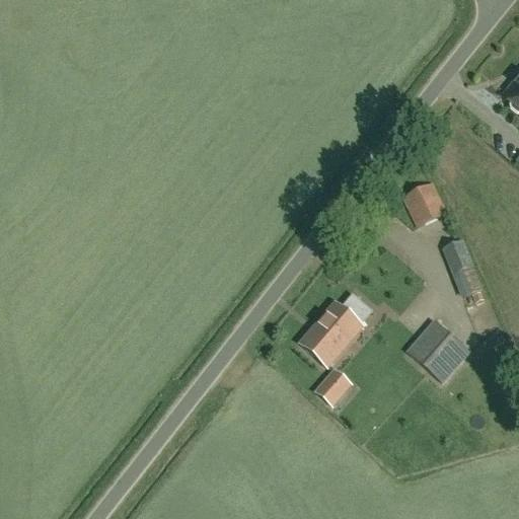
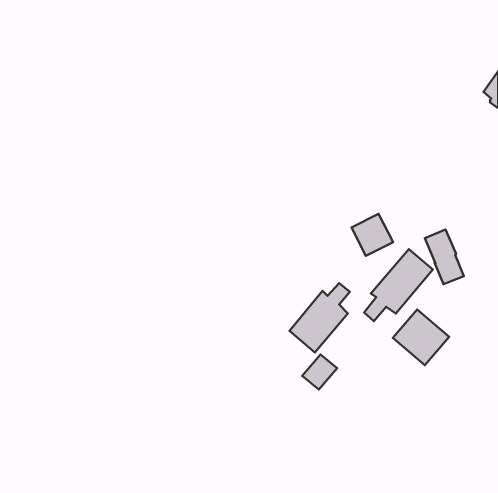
building: [402,181,446,225] -> [351,214,393,256]
building: none -> [364,249,433,321]

